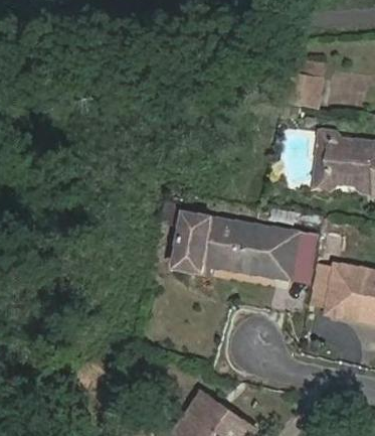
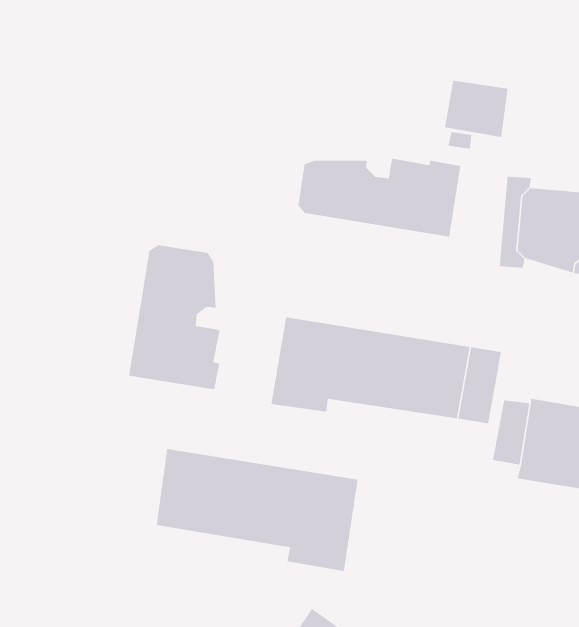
building: none -> [297,158,461,237]
building: none -> [128,245,221,390]
building: none -> [156,448,358,572]

